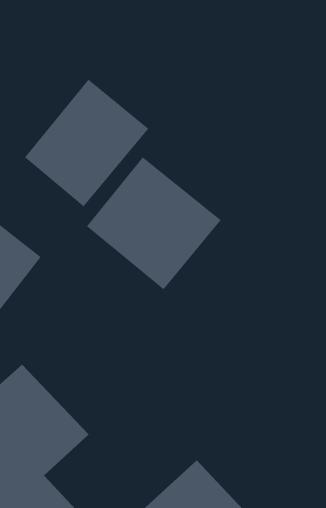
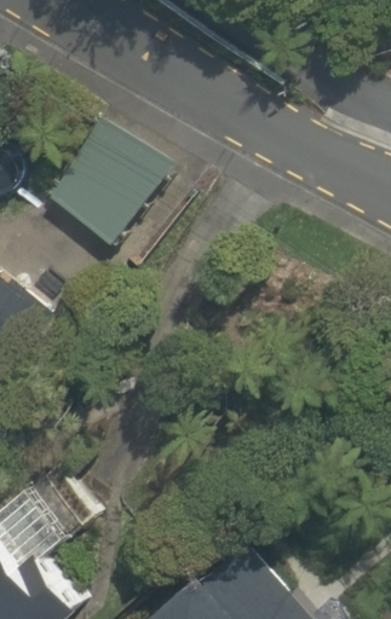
building: [86,156,221,290] -> none

